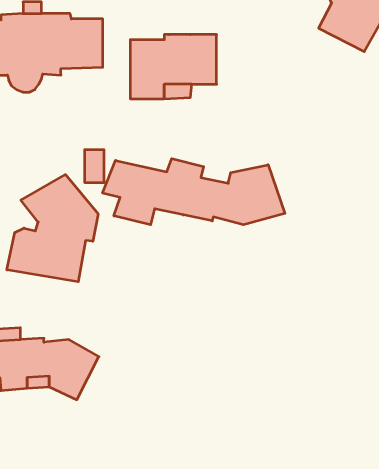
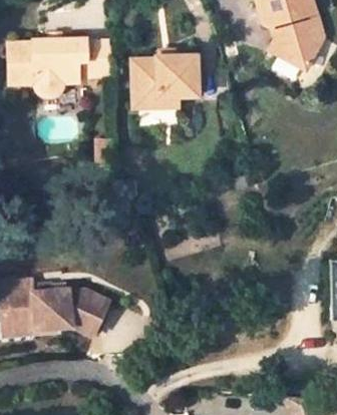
building: [103,159,285,225] -> none
building: [7,175,98,282] -> none

